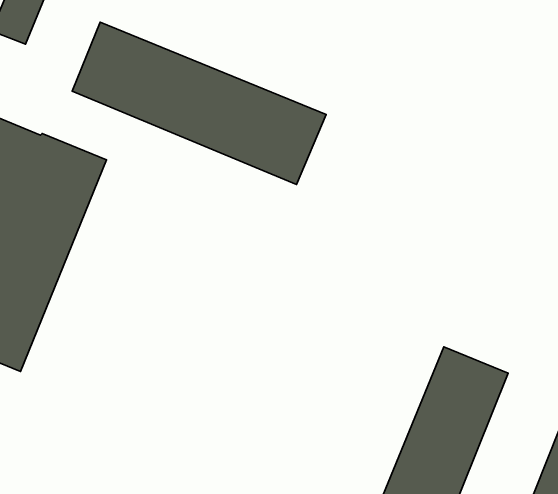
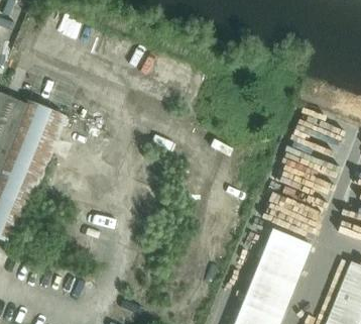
building: [72,22,326,185] -> none

